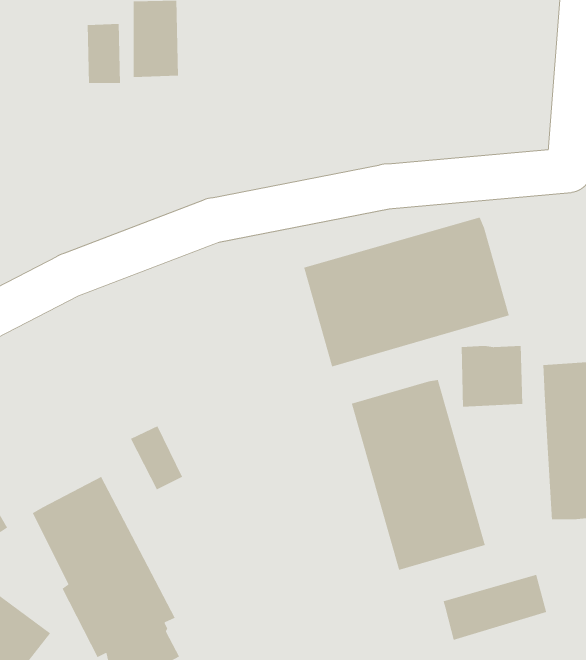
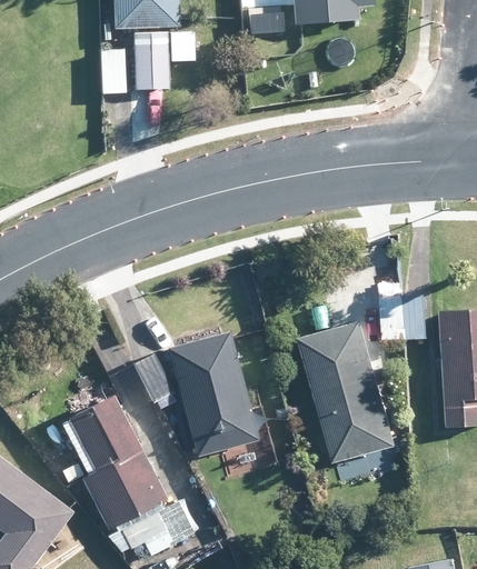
building: [303,217,510,367] -> none
building: none -> [165,329,259,458]
building: [442,574,547,641] -> none

